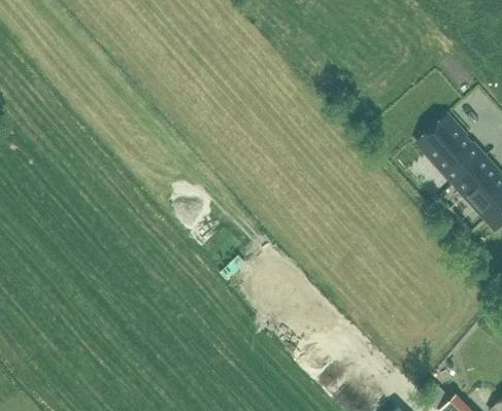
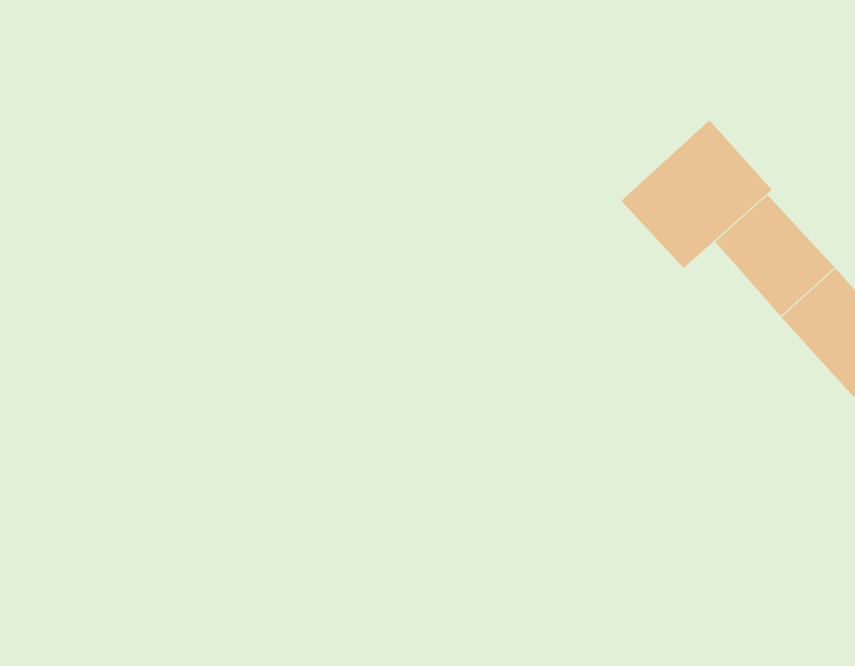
building: none -> [620,120,773,269]

